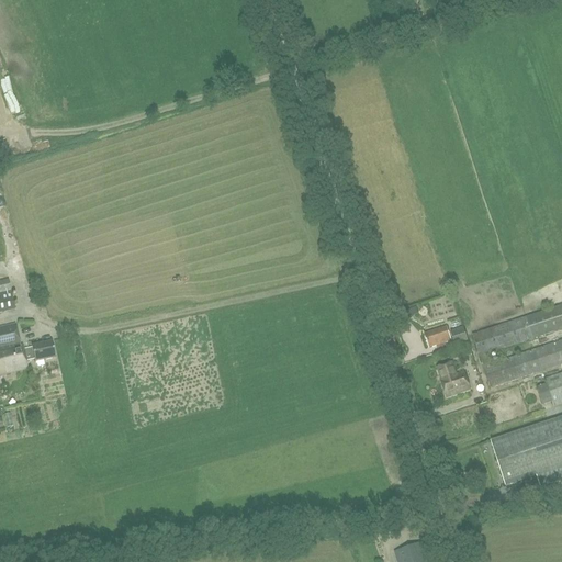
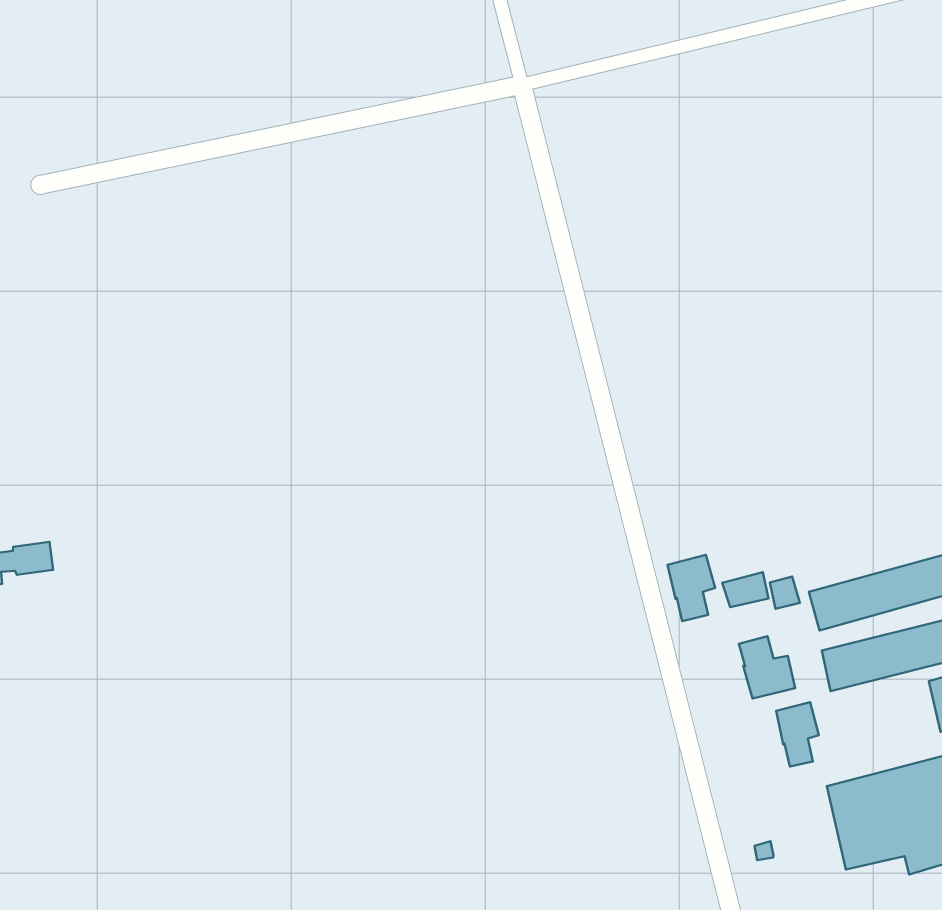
building: none -> [668,555,715,621]
building: none -> [776,702,819,767]

